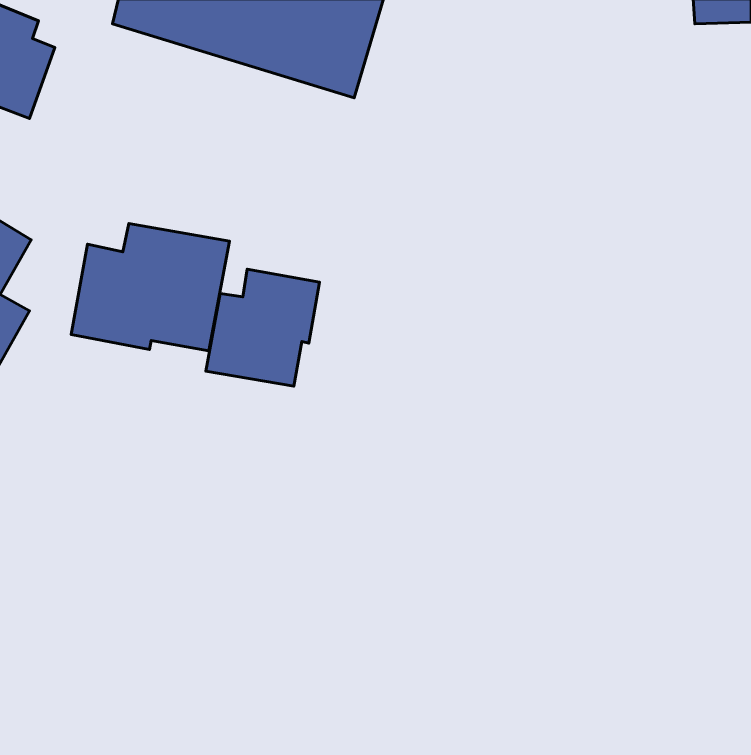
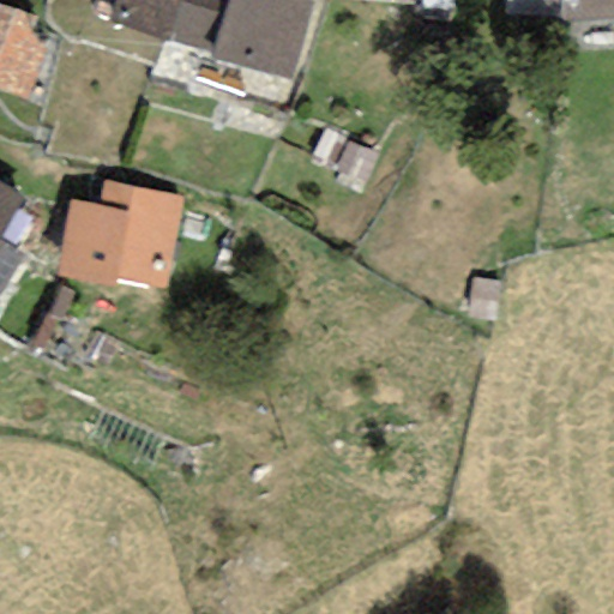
building: [206,269,319,386] -> none

